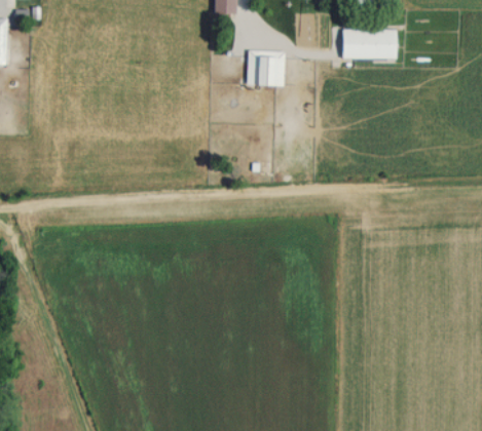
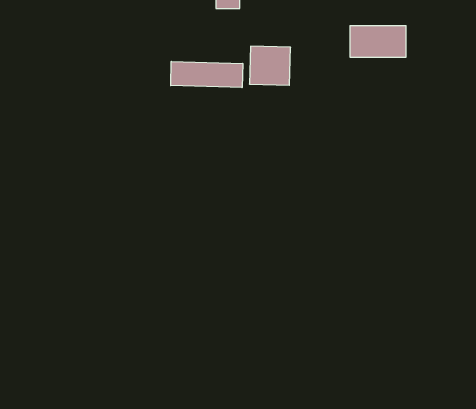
building: none -> [171,61,243,88]

